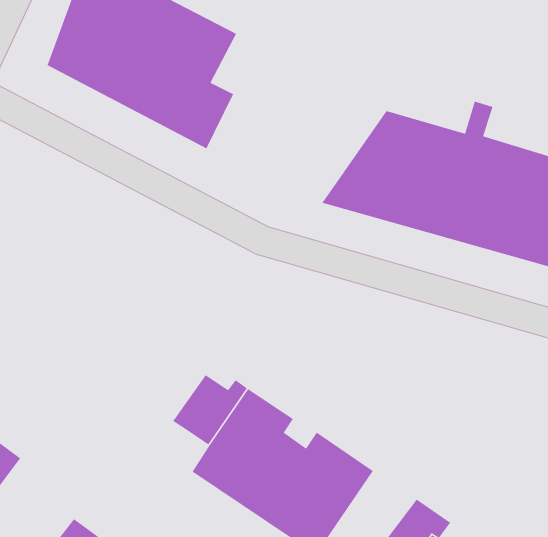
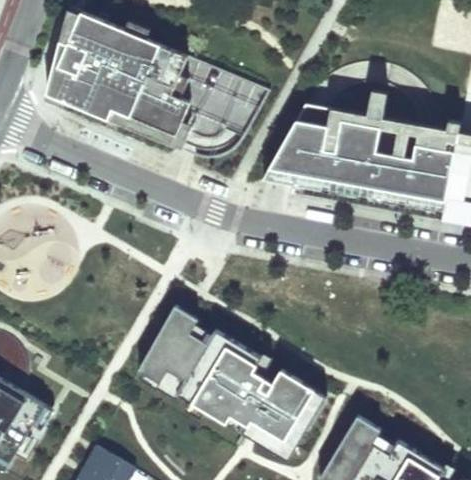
building: none -> [178,65,256,150]
building: none -> [136,296,201,379]

